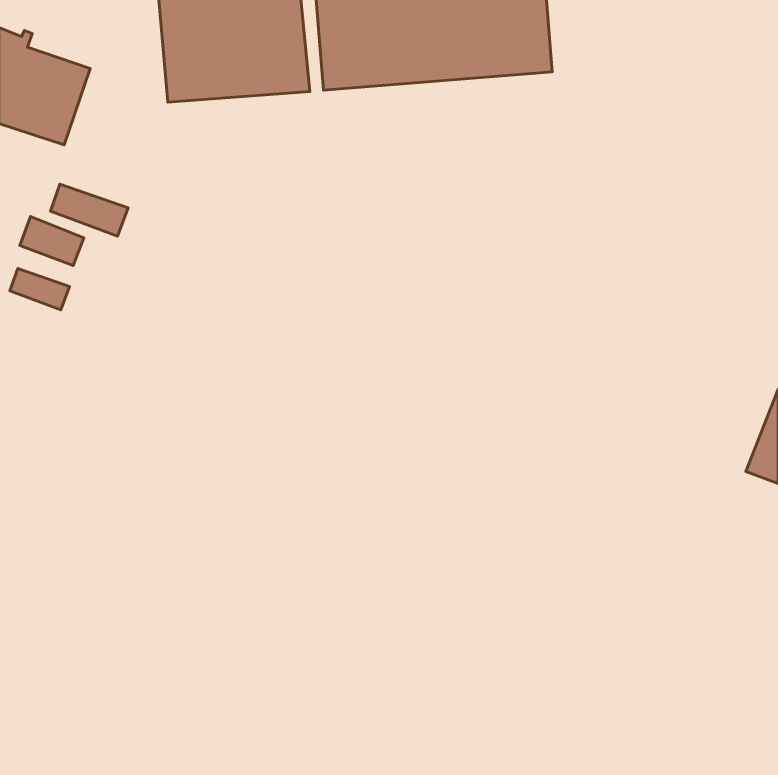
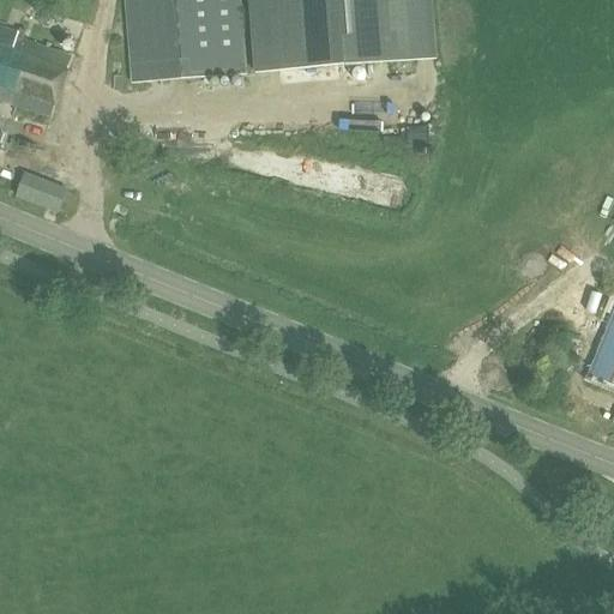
building: [50,184,128,236] -> none
building: [10,269,70,310] -> none

